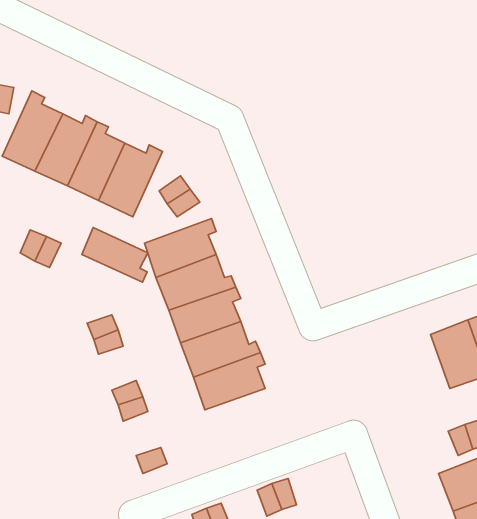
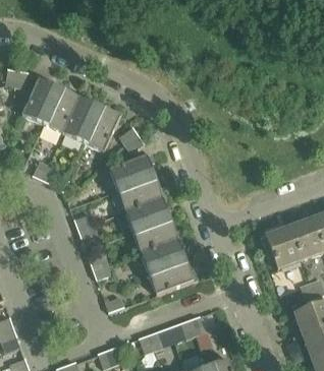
building: [82,227,148,282] -> none
building: none -> [264,225,300,267]
building: none -> [147,258,197,294]

